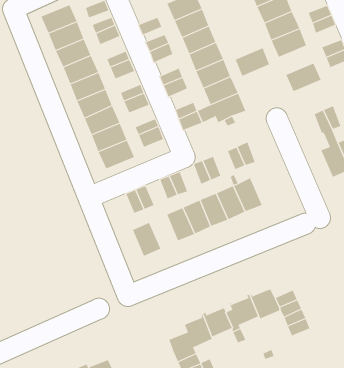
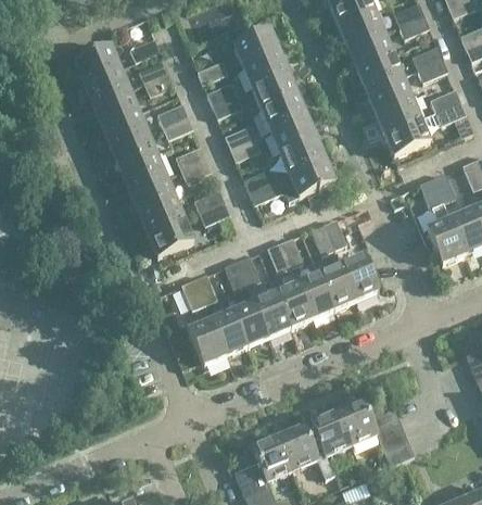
building: [235,47,270,77] -> [375,96,419,132]
building: none -> [339,254,376,298]
building: none -> [211,310,246,353]

